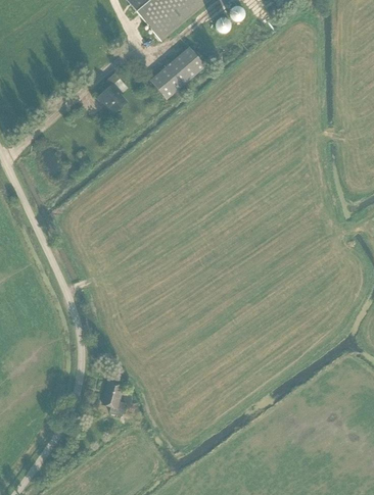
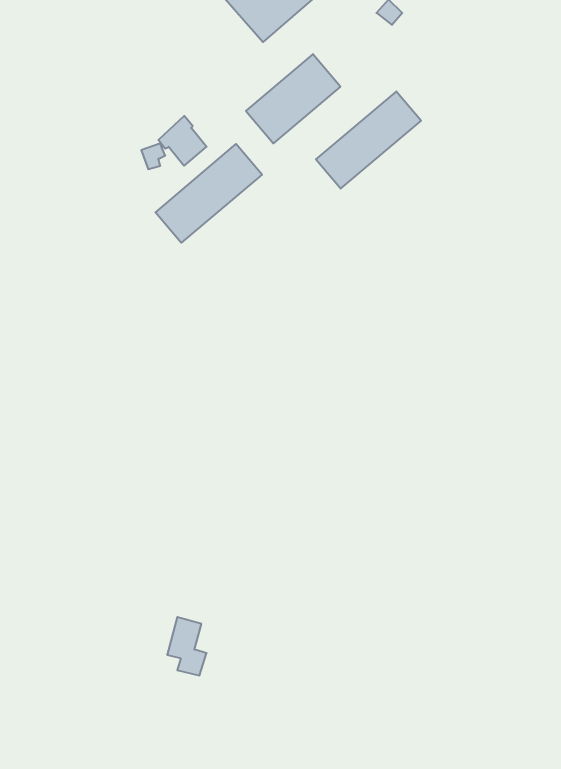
building: none -> [316,91,421,189]
building: none -> [155,144,262,243]

